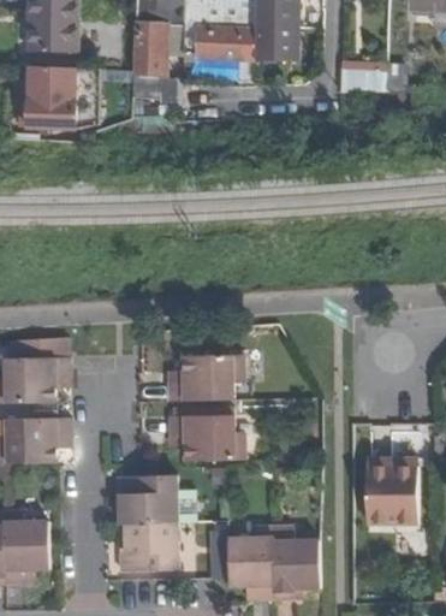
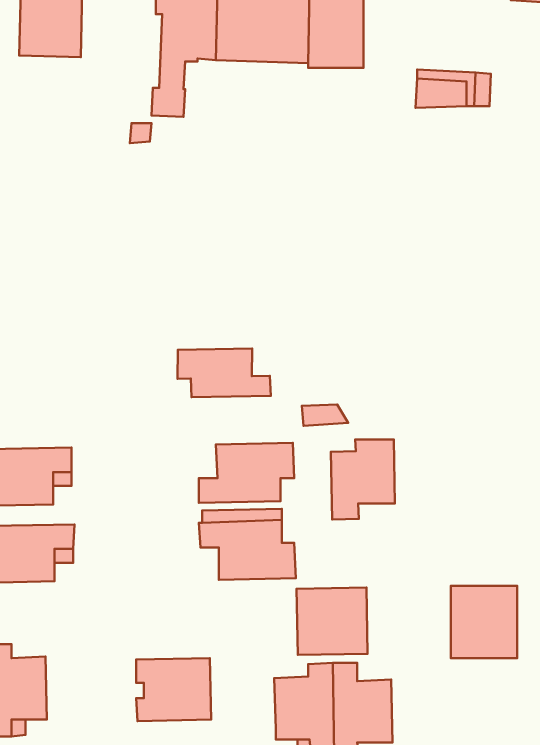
building: [25,65,97,129] -> none
building: none -> [177,349,271,397]
building: none -> [331,440,395,520]
building: none -> [297,588,367,655]
building: [118,474,177,522] -> none

